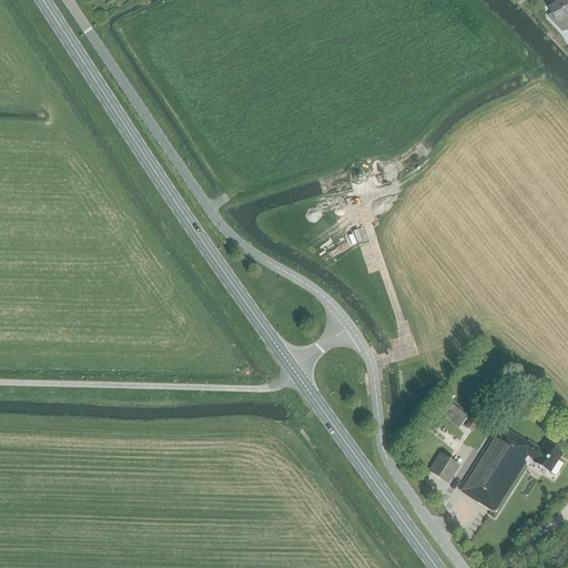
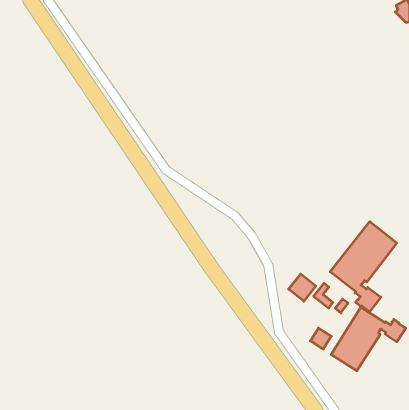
building: none -> [330,222,397,312]
building: none -> [289,274,316,301]

